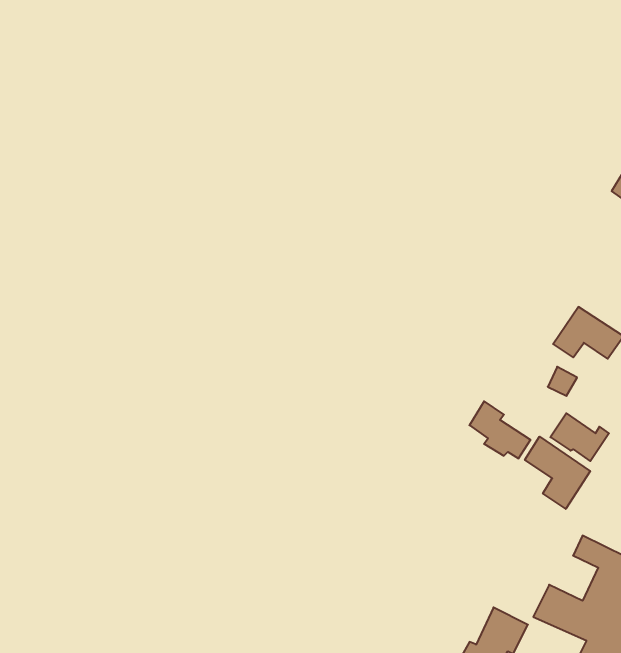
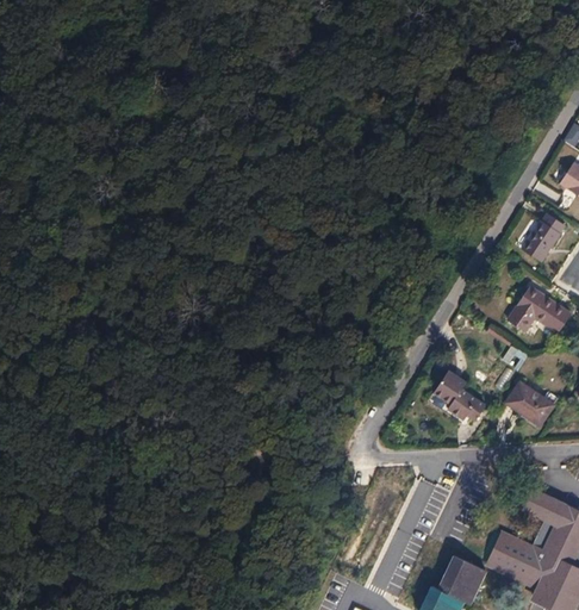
building: none -> [522,213,564,261]
building: [525,437,590,509] -> none

